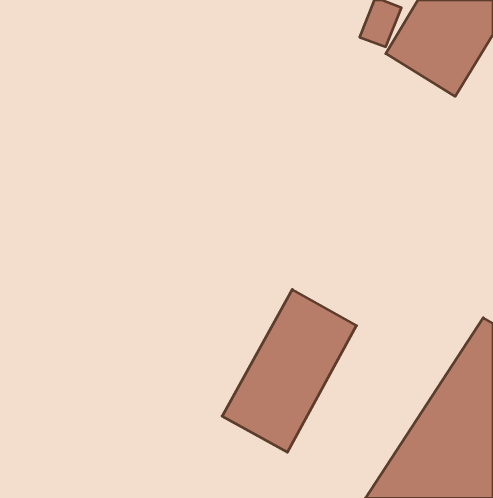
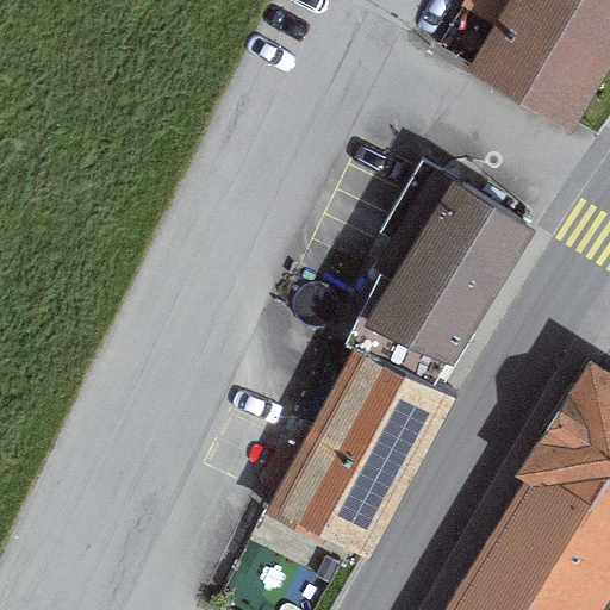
building: none -> [335,158,541,398]

